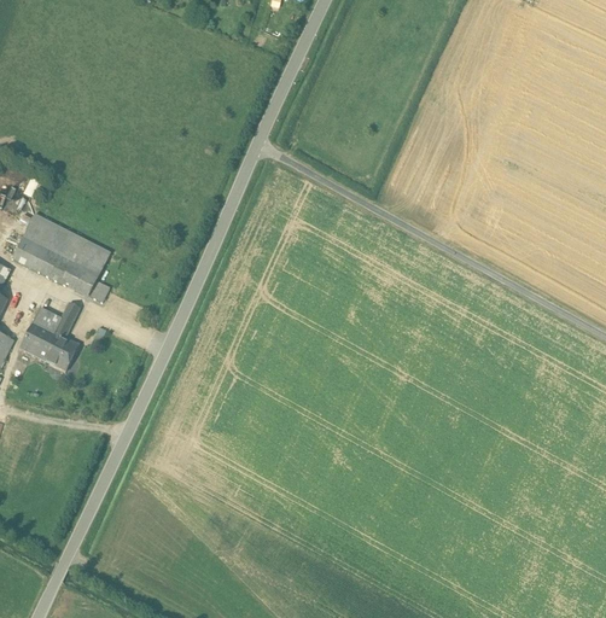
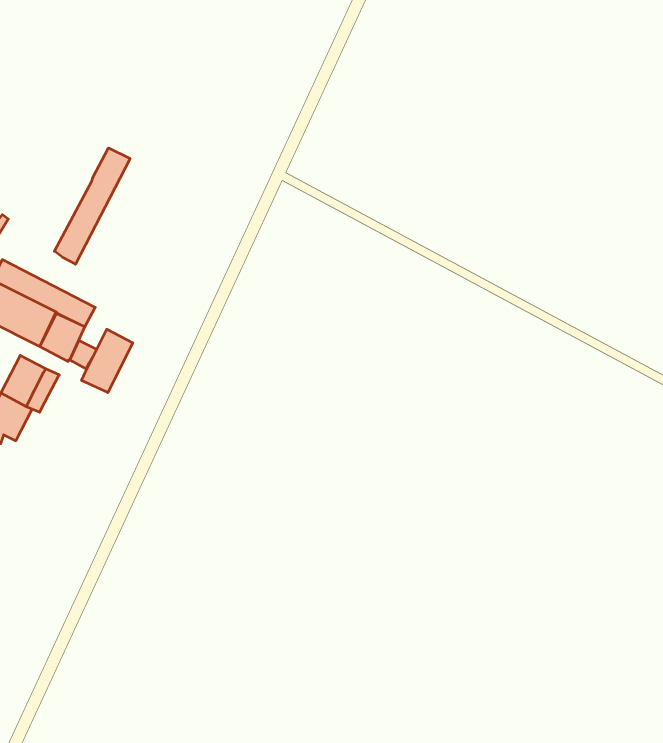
building: none -> [54,148,130,264]
building: none -> [82,329,133,393]
building: [45,334,78,369] -> none

